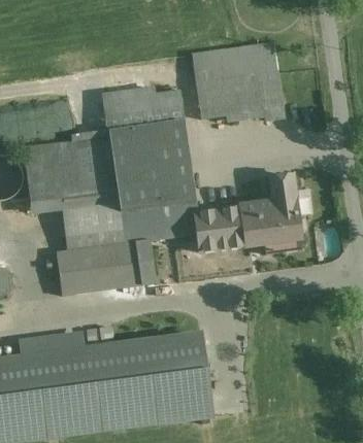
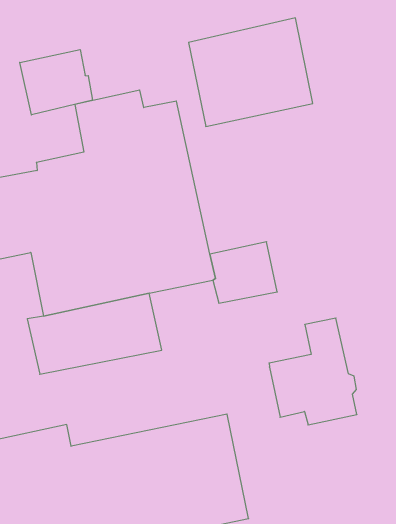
building: none -> [20,50,93,115]
building: [239,174,303,252] -> [269,318,357,425]

